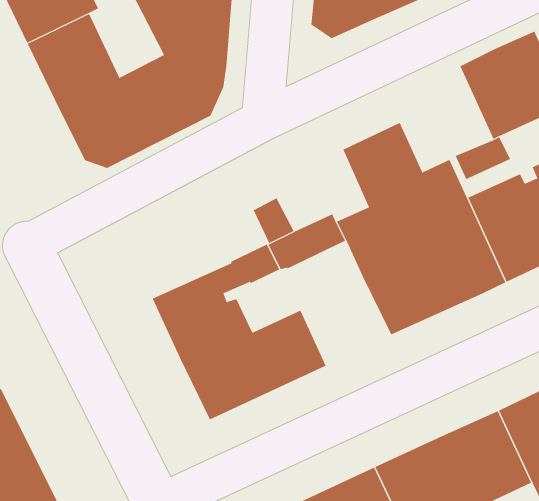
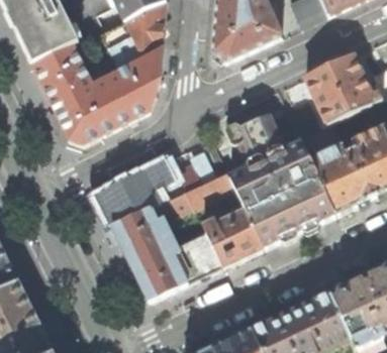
building: none -> [96,156,176,223]
building: none -> [203,209,263,265]

